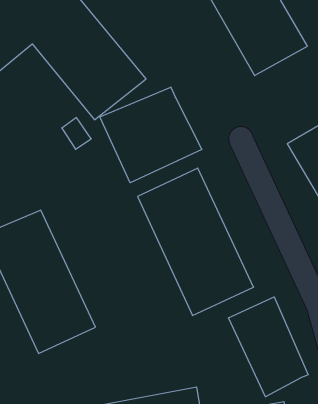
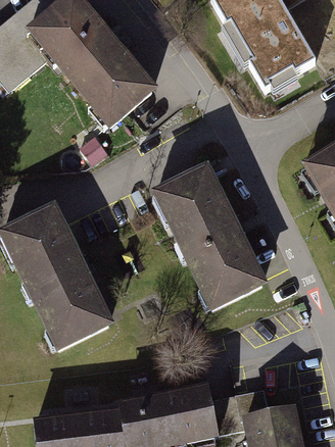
building: [100,87,202,183] -> none
building: [229,297,308,397] -> none

